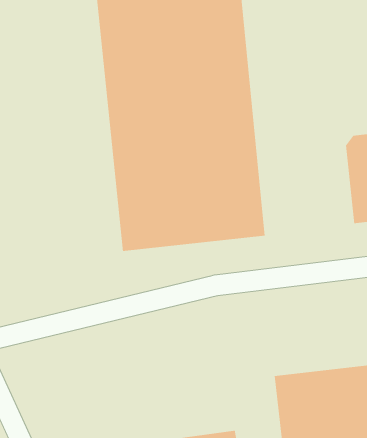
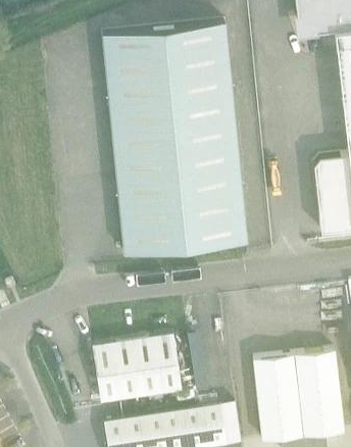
building: none -> [93,335,182,403]

